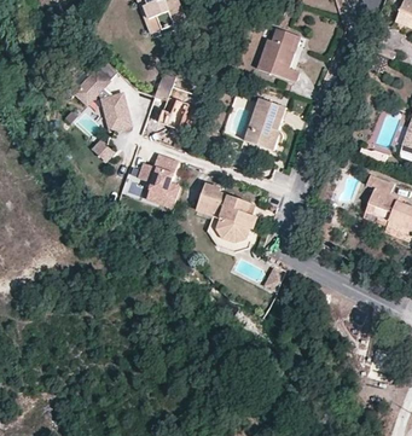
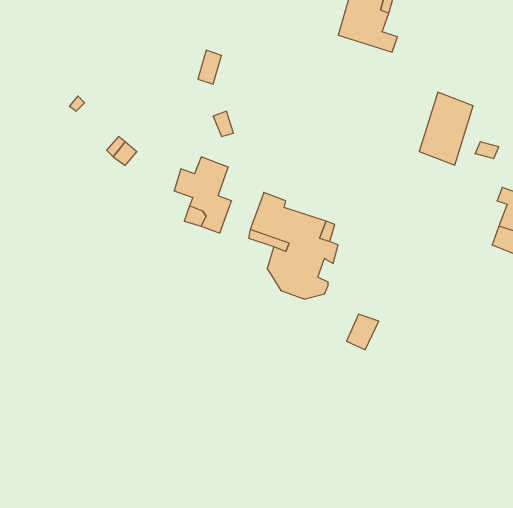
building: [65,57,133,130] -> none
building: [245,97,284,149] -> [419,92,473,165]

